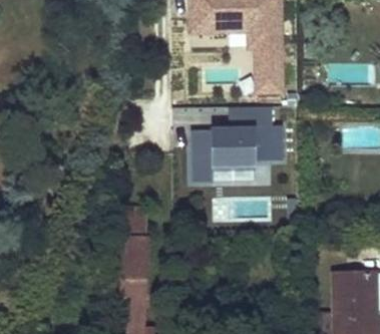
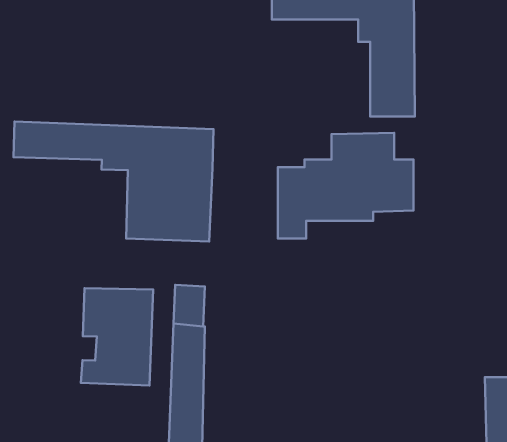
building: none -> [13,122,214,241]
building: none -> [81,288,153,385]

